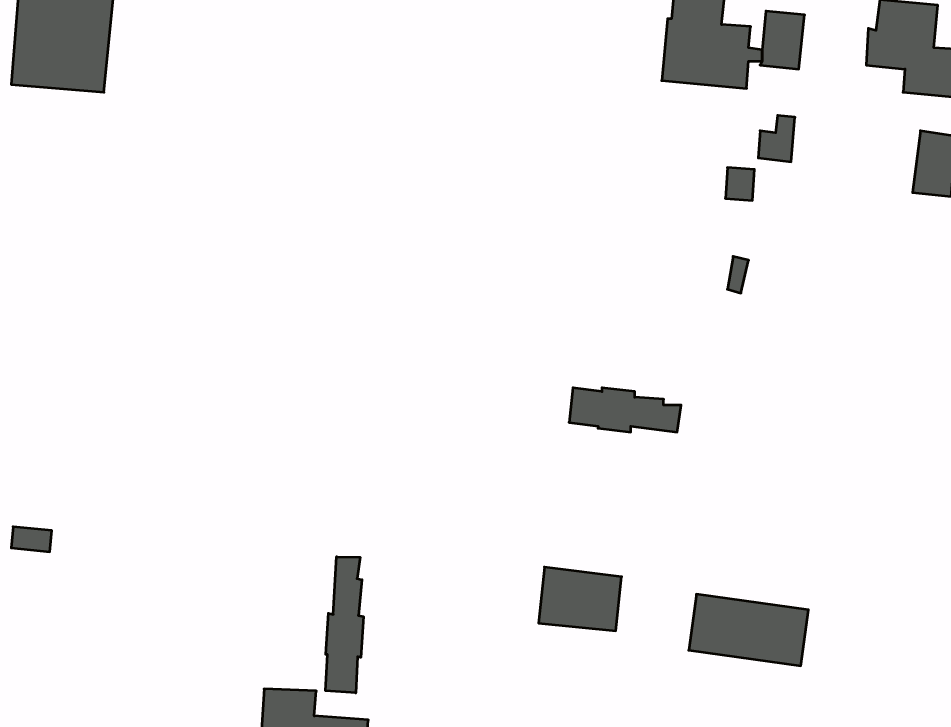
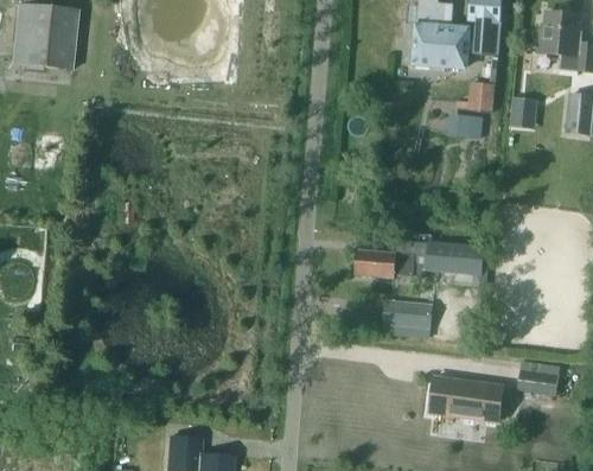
building: none -> [509,95,538,127]
building: none -> [426,240,490,285]
building: [326,557,363,693] -> none
building: [539,567,622,631] -> [382,298,433,337]
building: none -> [516,370,557,395]

